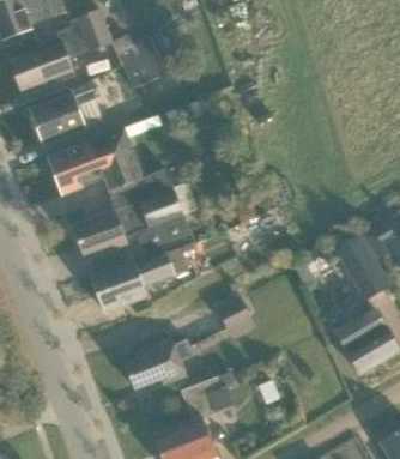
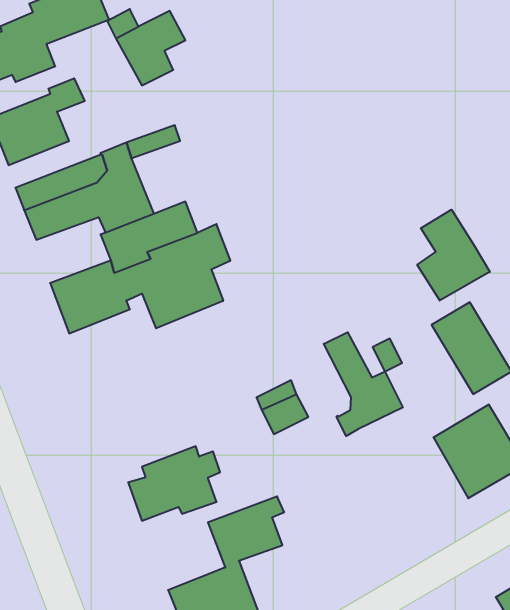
building: none -> [417,210,490,301]
building: [91,249,187,310] -> none
building: none -> [324,332,403,436]

